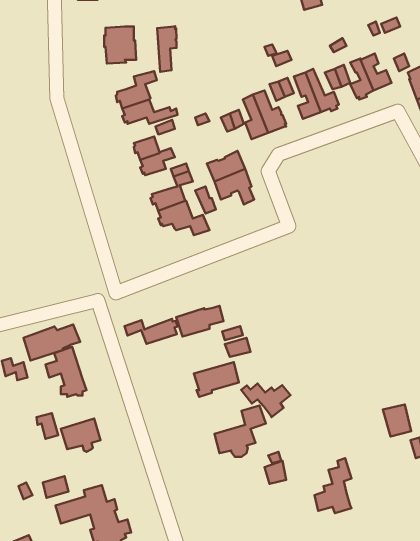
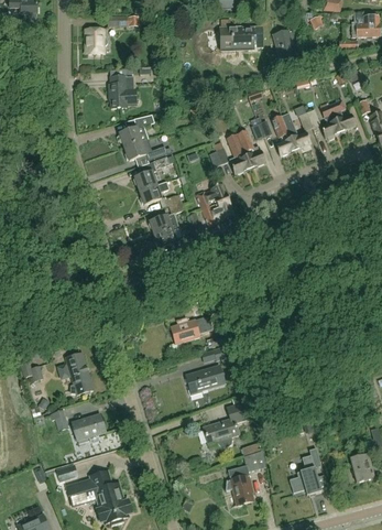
building: [157,26,177,72] -> none
building: [124,319,177,344] -> none
building: [23,324,80,361] -> none
building: [241,383,290,417] -> none
building: [383,404,411,436] -> [350,454,374,482]
building: none -> [226,465,254,505]

